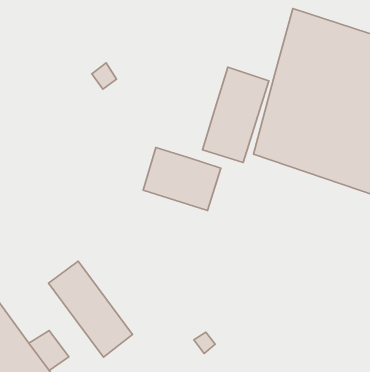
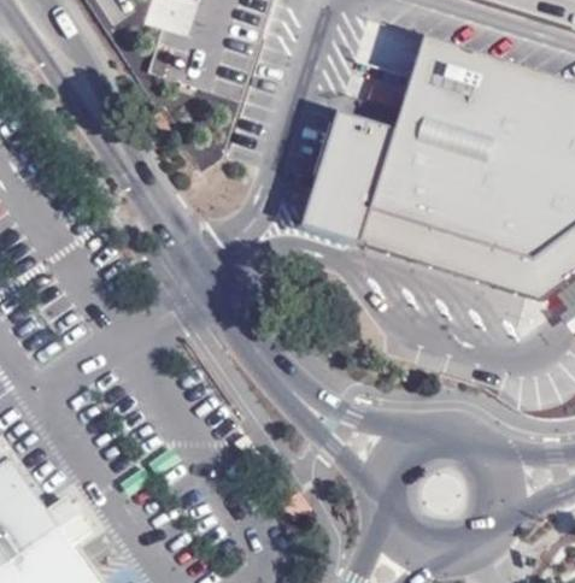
building: [143,147,221,210] -> none
building: [49,261,133,357] -> none

